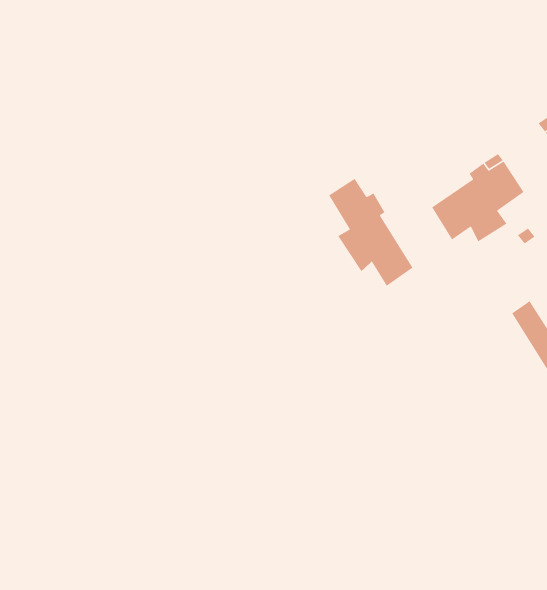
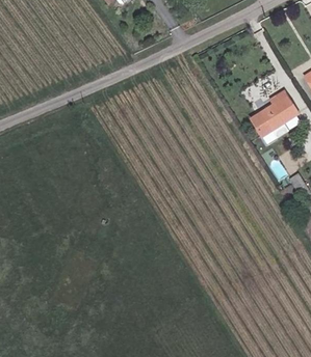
building: [328,178,413,287] -> none

